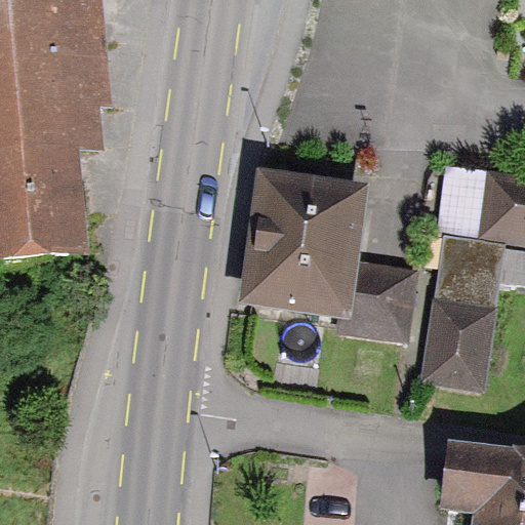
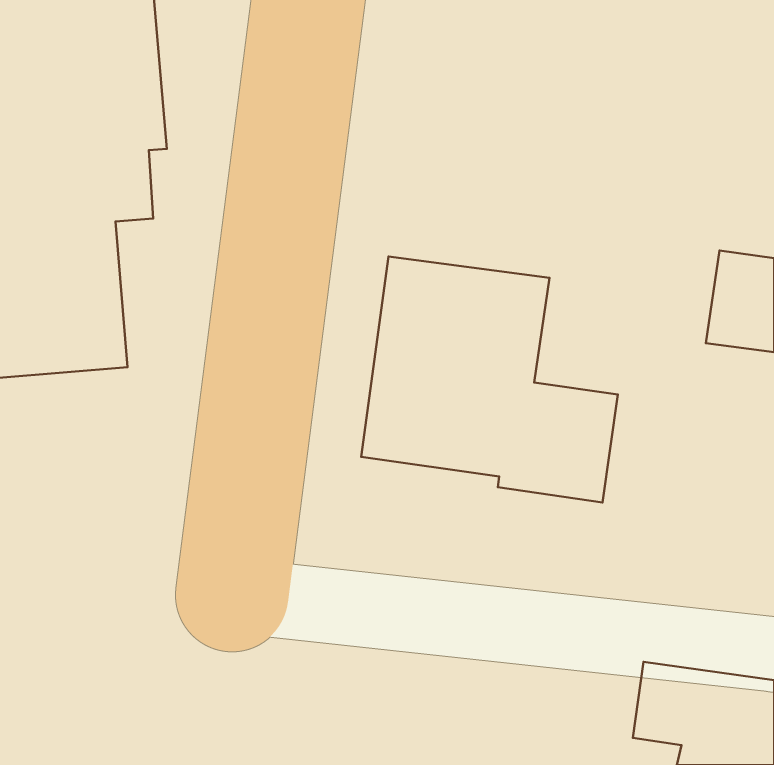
building: [420,234,503,387] -> none

